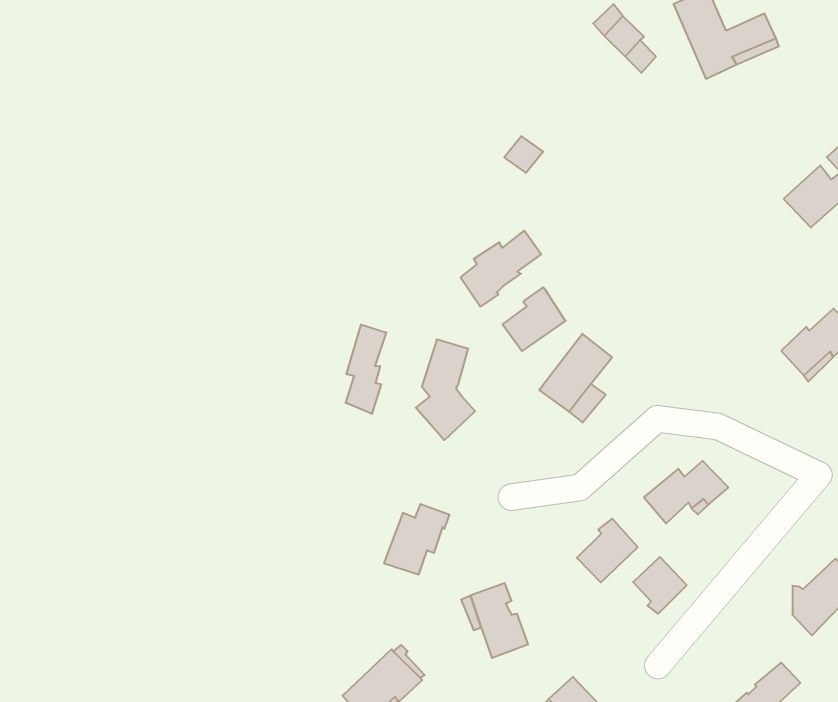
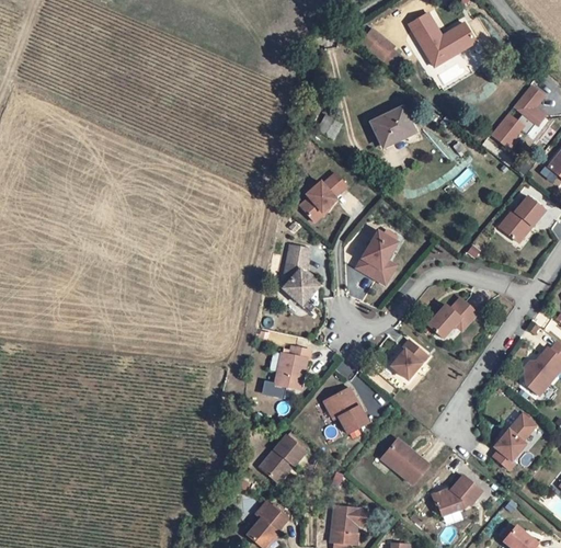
building: none -> [370,106,414,147]
building: [503,287,566,351] -> none
building: [346,325,386,414] -> none
building: [633,557,687,614] -> none

